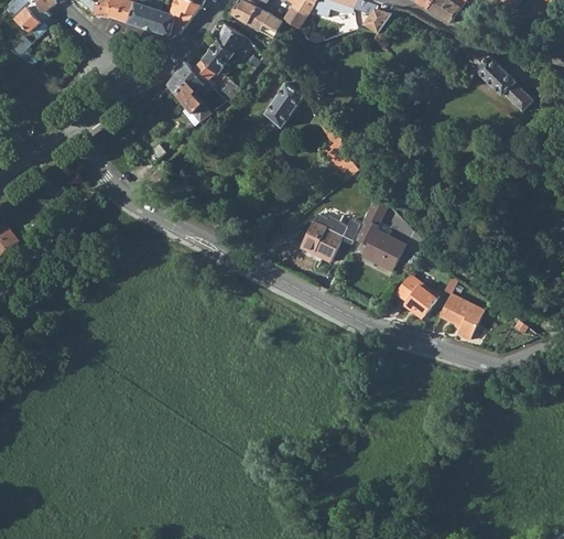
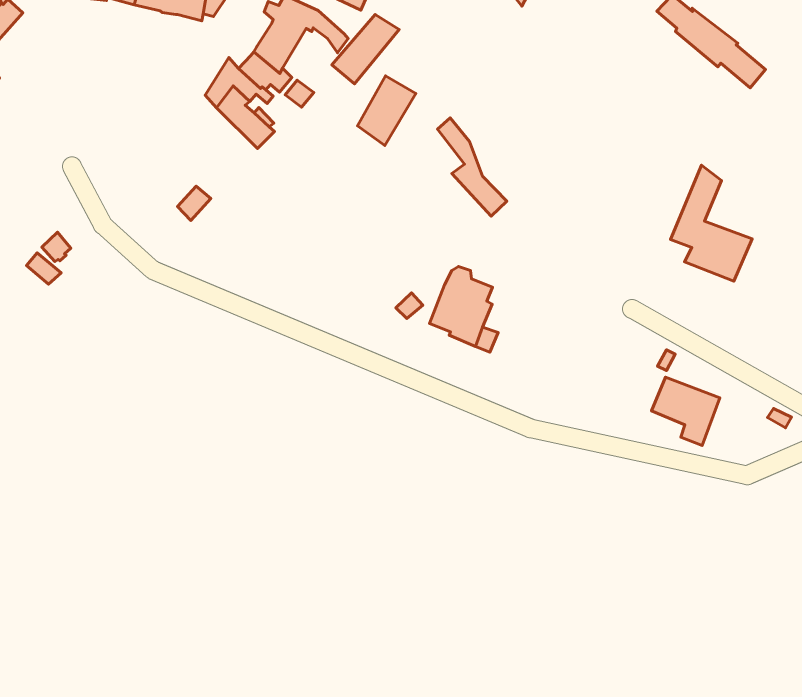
building: none -> [332,14,399,84]
building: [351,194,404,271] -> [671,165,752,281]
building: [393,273,436,316] -> none

